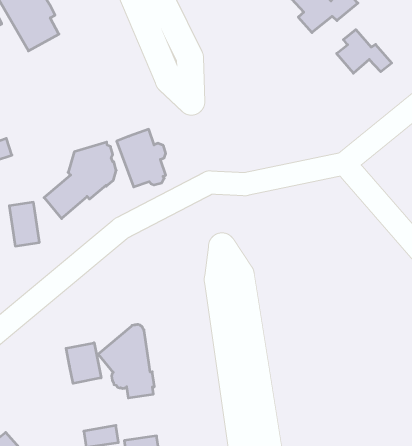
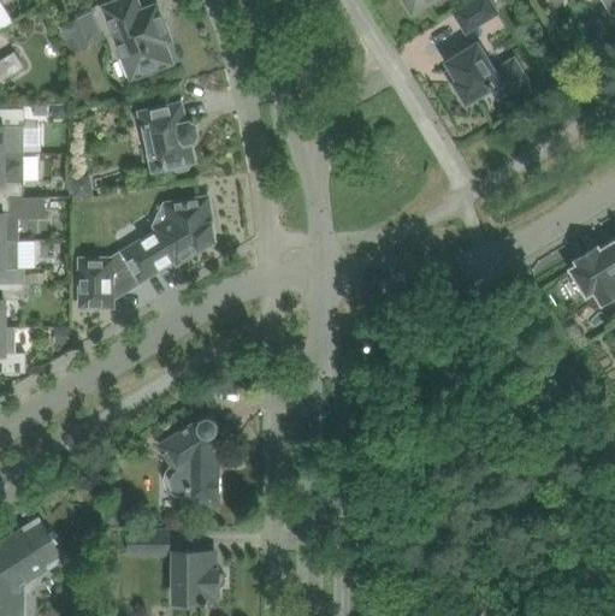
building: [337,30,392,73] -> none
building: [117,129,166,187] -> [140,105,195,171]
building: [66,343,101,383] -> none

